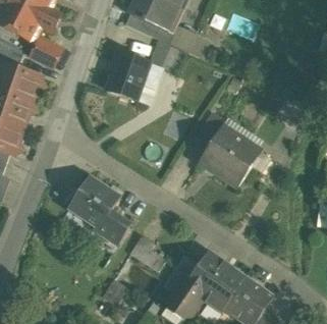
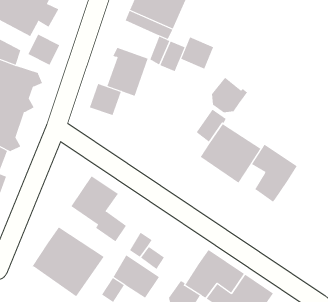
building: none -> [180,37,214,69]
building: none -> [211,77,248,113]
building: none -> [89,83,121,116]
building: none -> [251,144,298,203]
building: none -> [32,226,105,297]
building: [162,255,198,291] -> none

